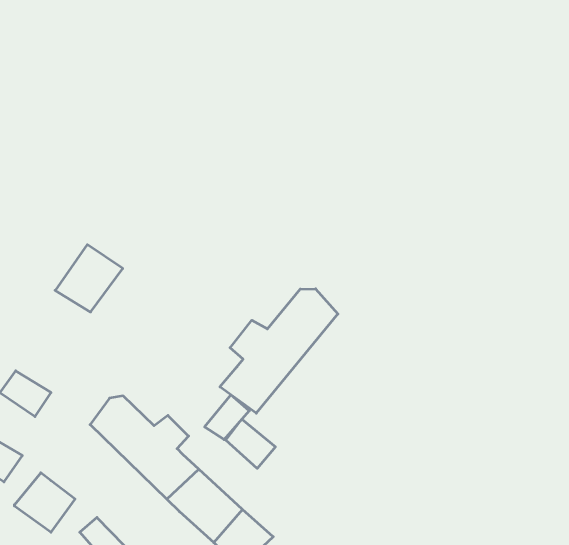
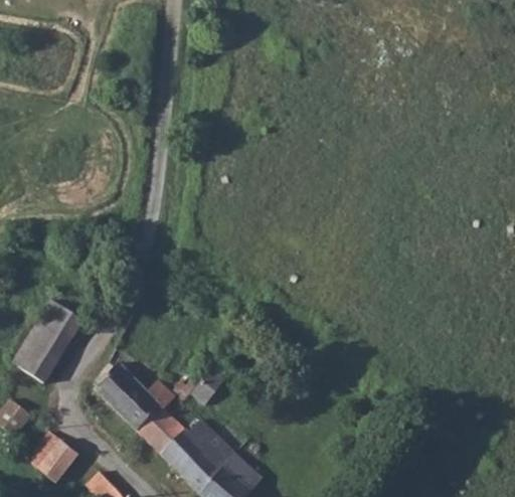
building: [55,245,123,312] -> [27,300,87,359]
building: [220,289,338,413] -> none
building: [226,419,275,468] -> none

